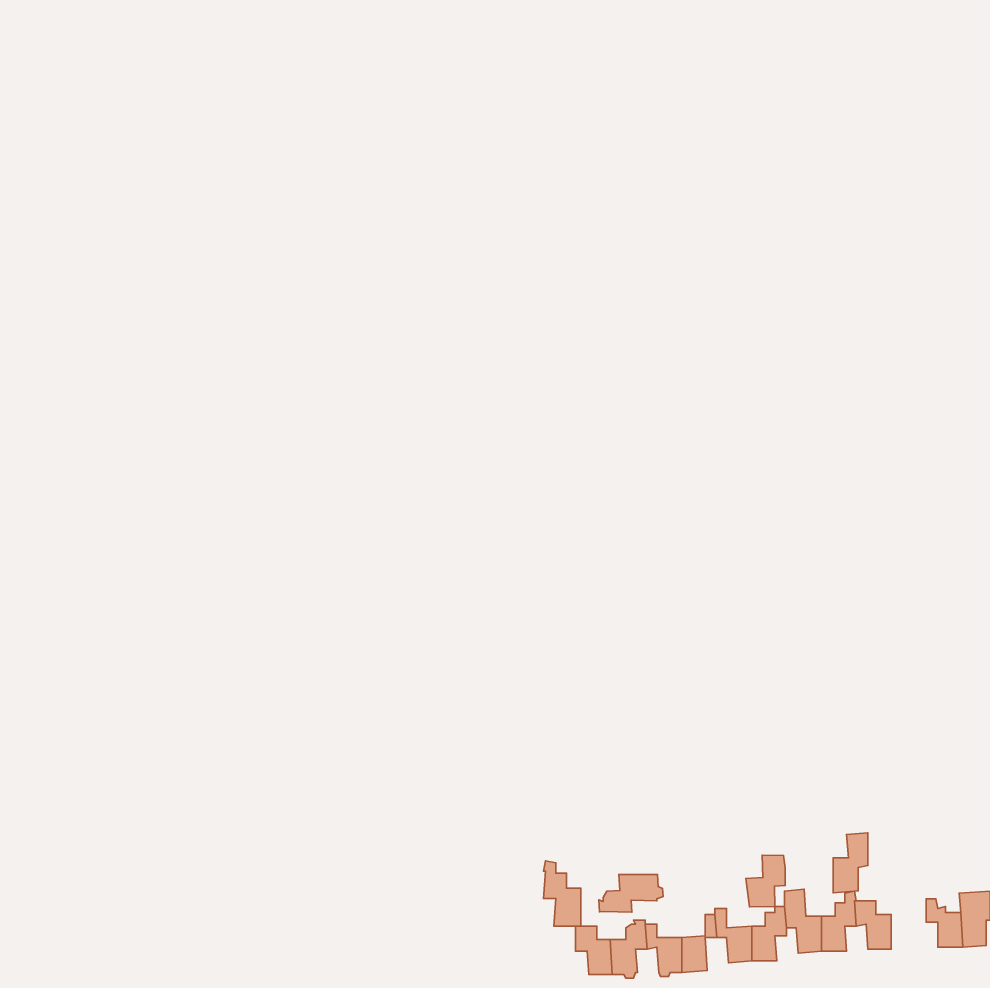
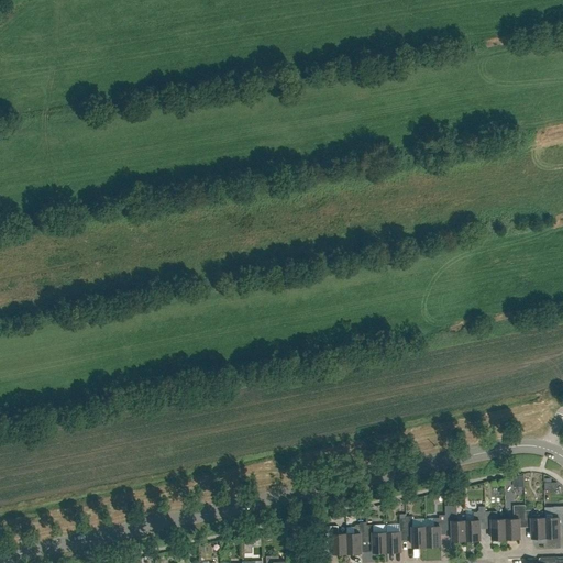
building: [833,833,868,893] -> [506,506,526,540]
building: [746,855,785,907] -> none
building: [544,861,581,926] -> none
building: [599,874,663,912] -> none

